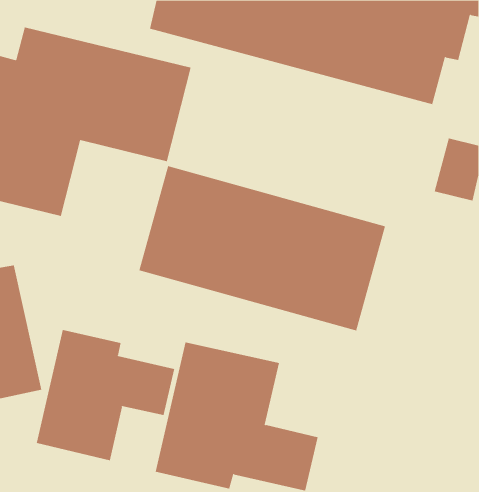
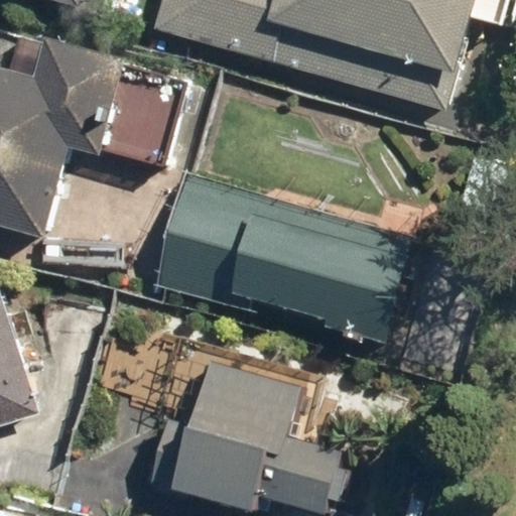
building: [36,329,175,461] -> none

